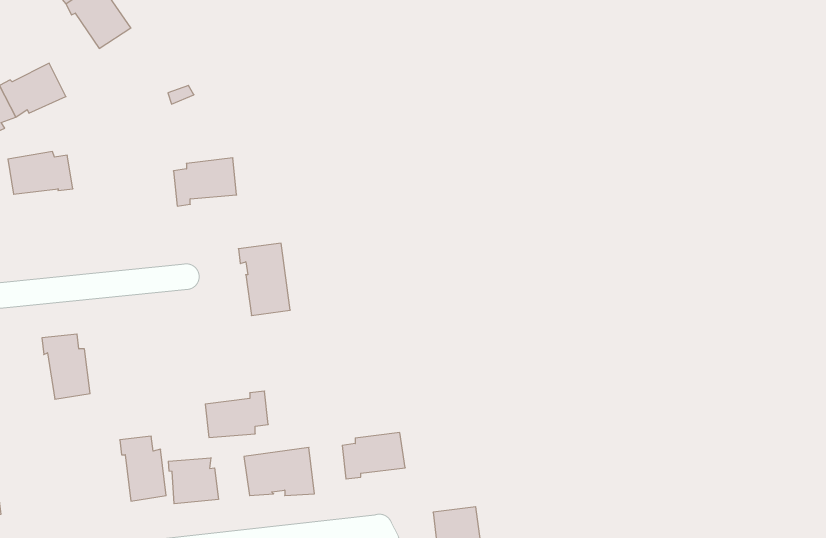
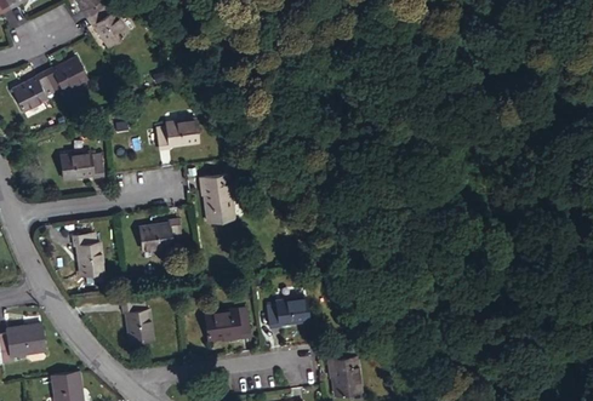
building: [8,152,73,194] -> [61,151,103,179]
building: [205,391,268,437] -> [139,219,181,250]
building: [168,458,218,504] -> none

